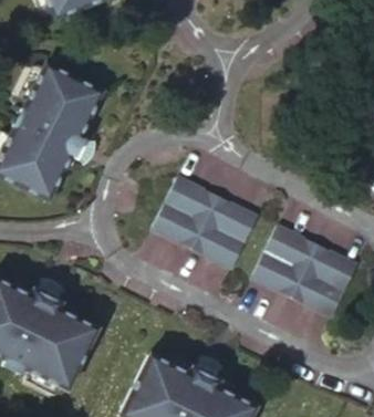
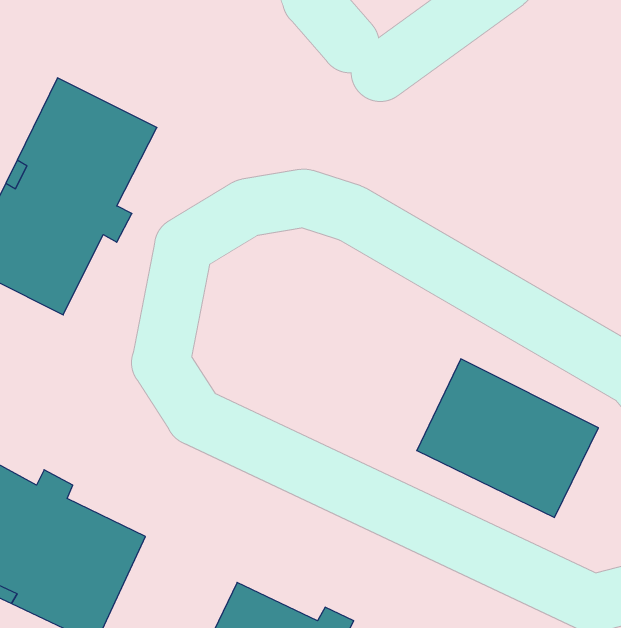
building: [148,174,252,267] -> none

